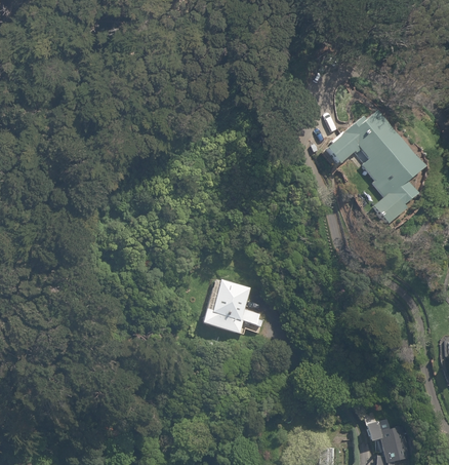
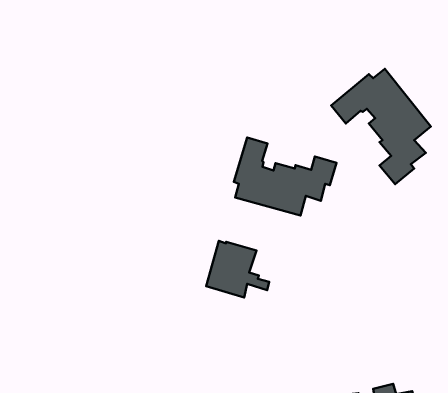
building: none -> [234,137,337,215]

